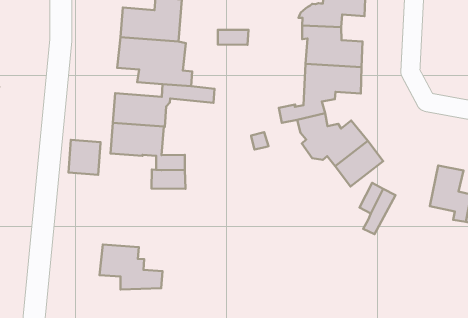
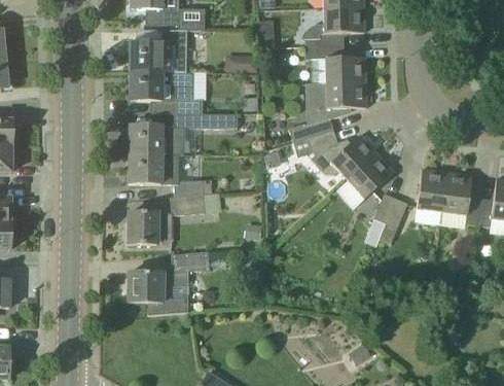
building: [68,140,100,175] -> [128,212,156,244]
building: none -> [416,169,446,212]
building: none -> [171,252,209,273]

